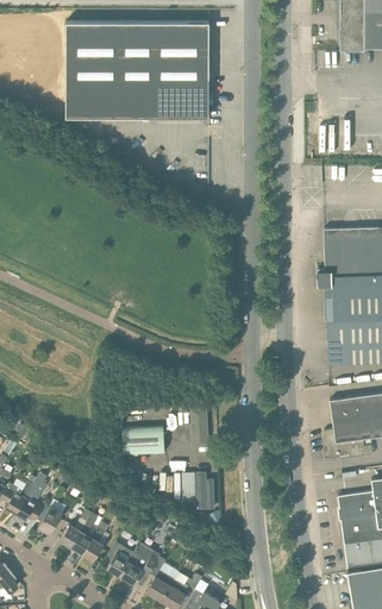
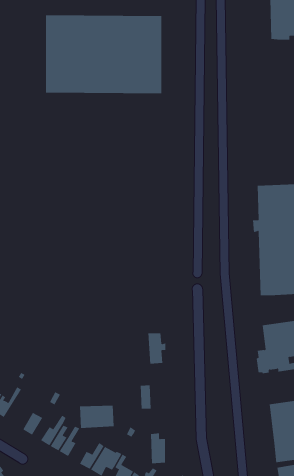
building: [123,427,165,456] -> [79,405,114,429]
building: [195,473,214,511] -> [150,433,166,464]
building: [15,489,44,522] -> none

